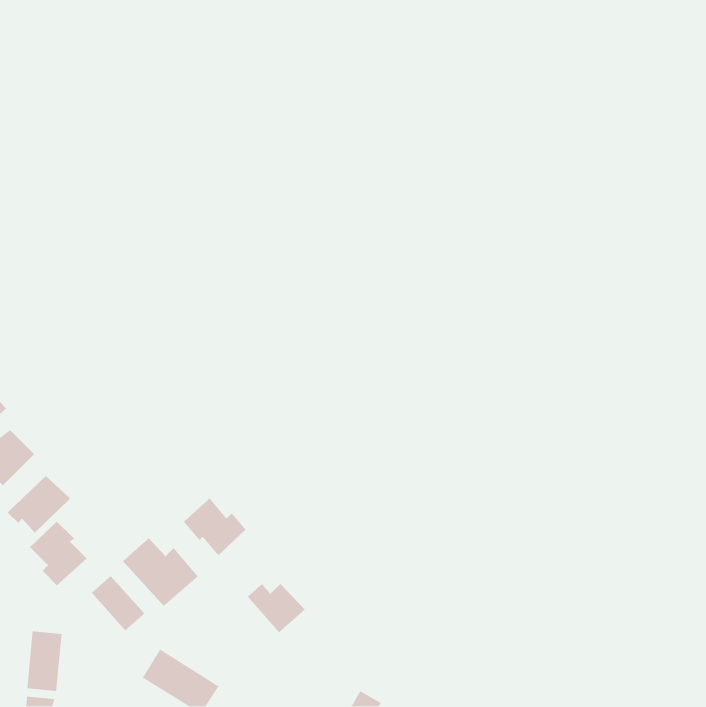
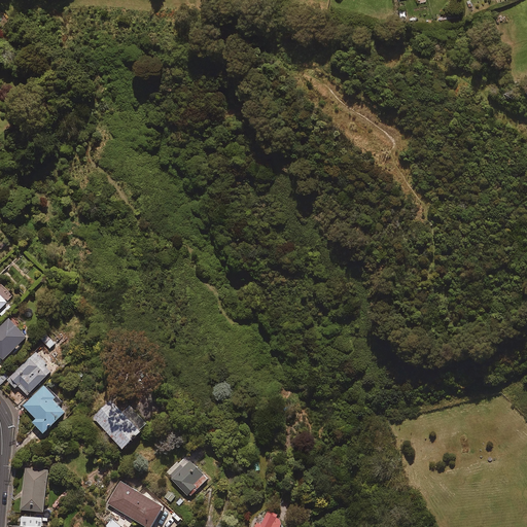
building: [183,498,247,556] -> none
building: [91,575,145,631] -> none
building: [247,583,305,633] -> [164,460,207,497]

